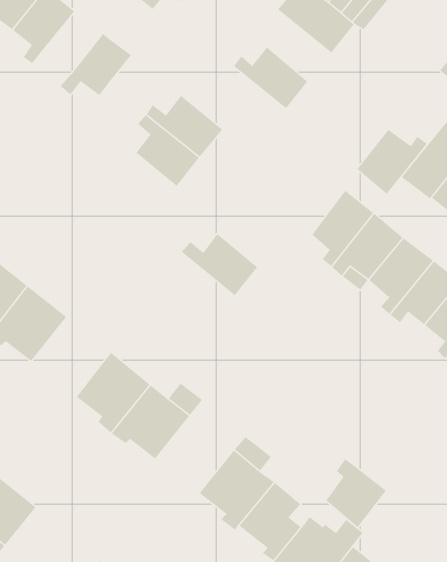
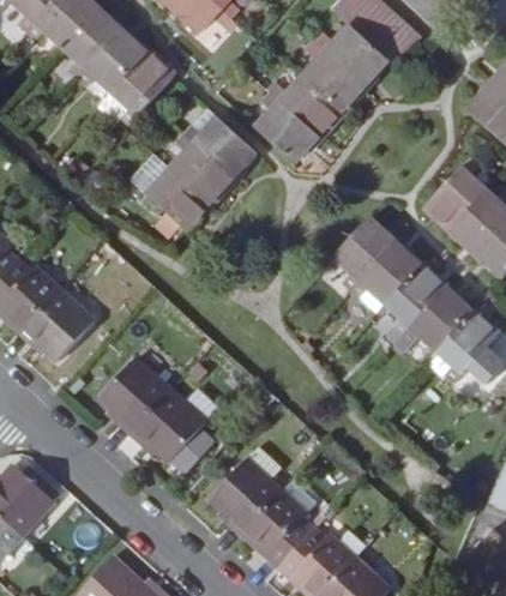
building: none -> [303,41,365,112]
building: none -> [78,30,147,90]
building: none -> [255,92,318,163]
building: [357,129,428,195] -> none
building: [181,233,258,296] -> [135,169,209,230]
building: [325,458,387,528] -> none

